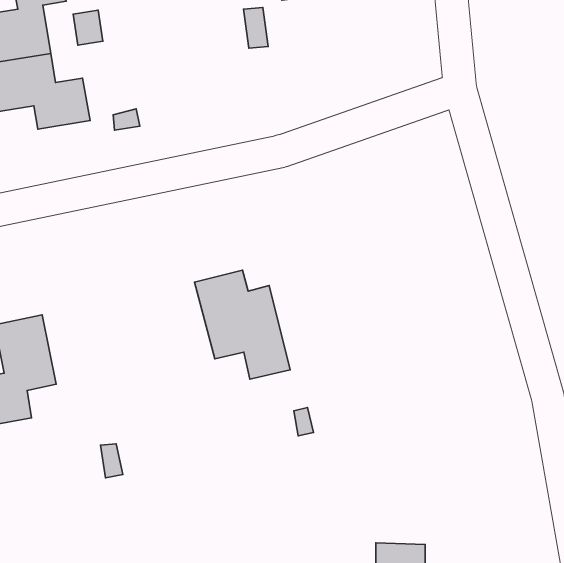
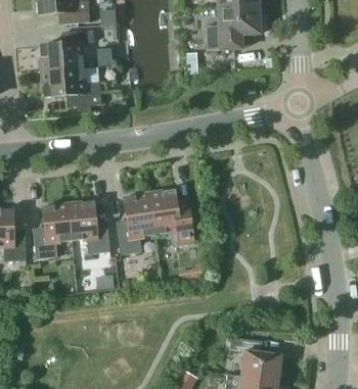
building: none -> [117,193,155,254]
building: none -> [68,201,110,253]

